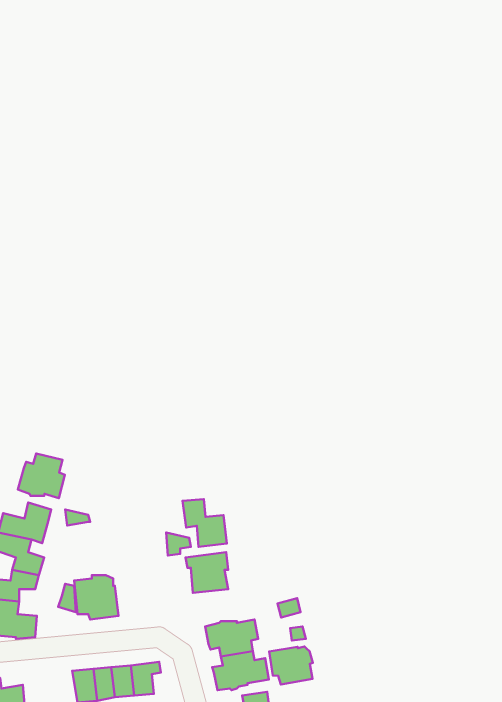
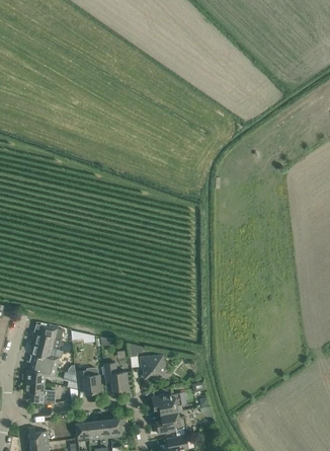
building: [18,453,65,498] -> none
building: [183,499,227,547] -> [103,363,129,390]
building: [269,646,313,684] -> none

